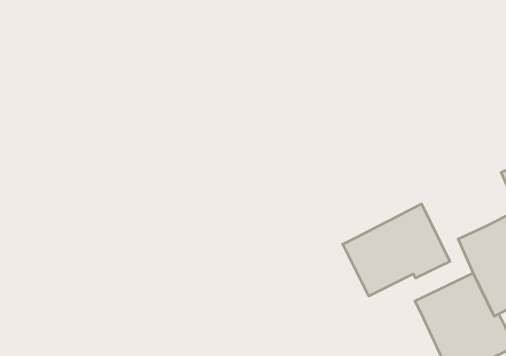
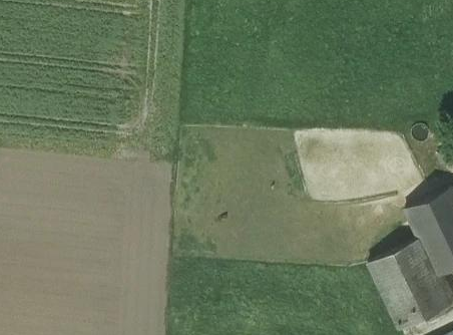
building: [343,204,450,296] -> none

